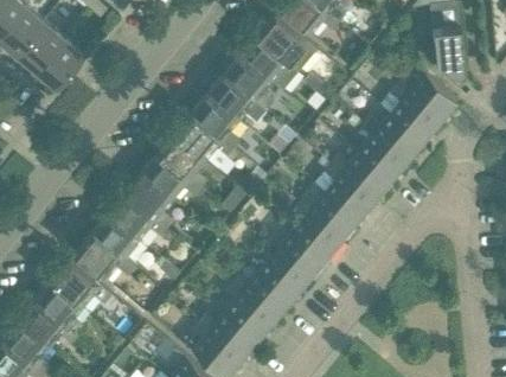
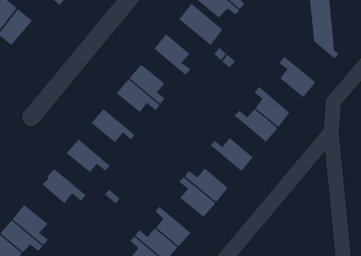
building: [239,39,299,95] -> none
building: [34,41,83,91] -> none
building: [396,77,455,123] -> none
building: [206,78,265,126] -> none
building: [363,117,422,164] -> none
building: [156,138,206,193] -> none
building: [322,167,372,223] -> none
building: [123,177,173,234] -> none
building: [290,206,340,263] -> none
building: [91,217,140,273] -> none
building: [51,266,110,311] -> none
building: [230,276,289,322] -> none

